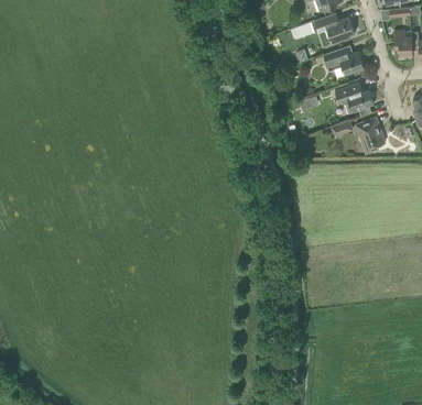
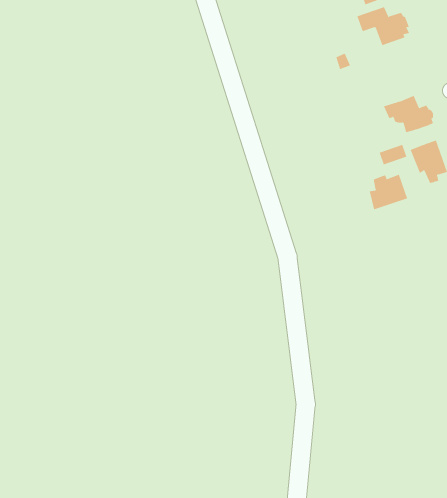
building: [323,48,364,75] -> none
building: none -> [369,174,408,210]

